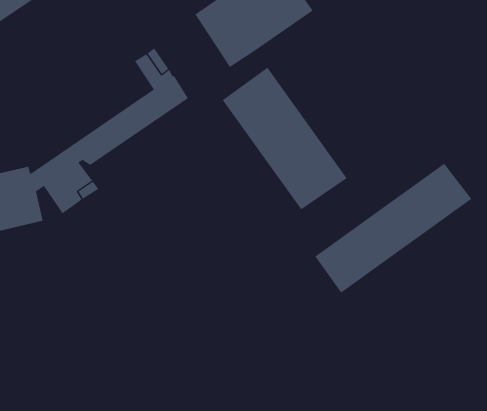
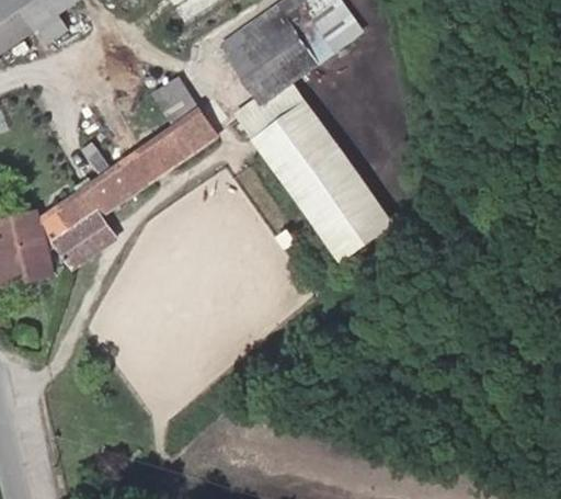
building: none -> [238,82,304,138]
building: [314,163,472,293] -> none

